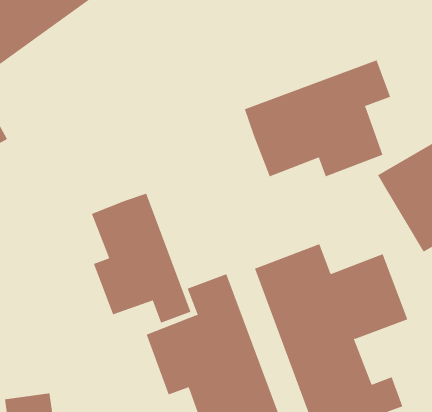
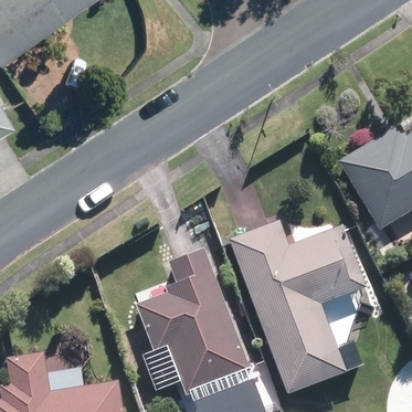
building: [244,60,391,177] -> none
building: [91,193,191,324] -> none

